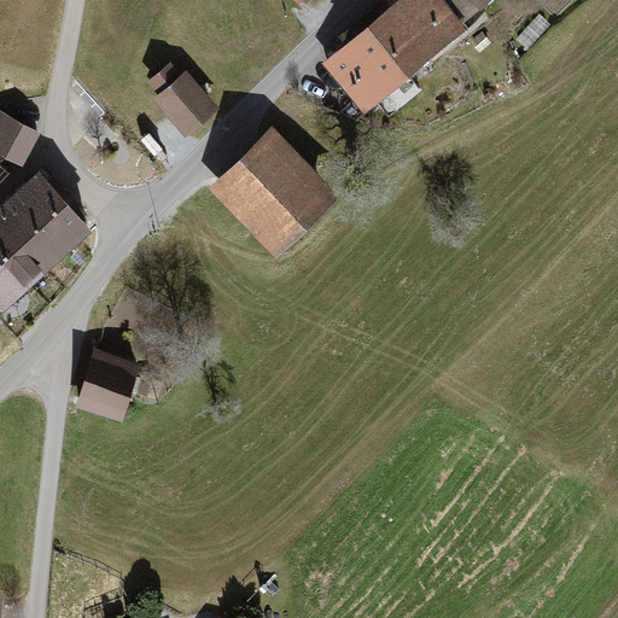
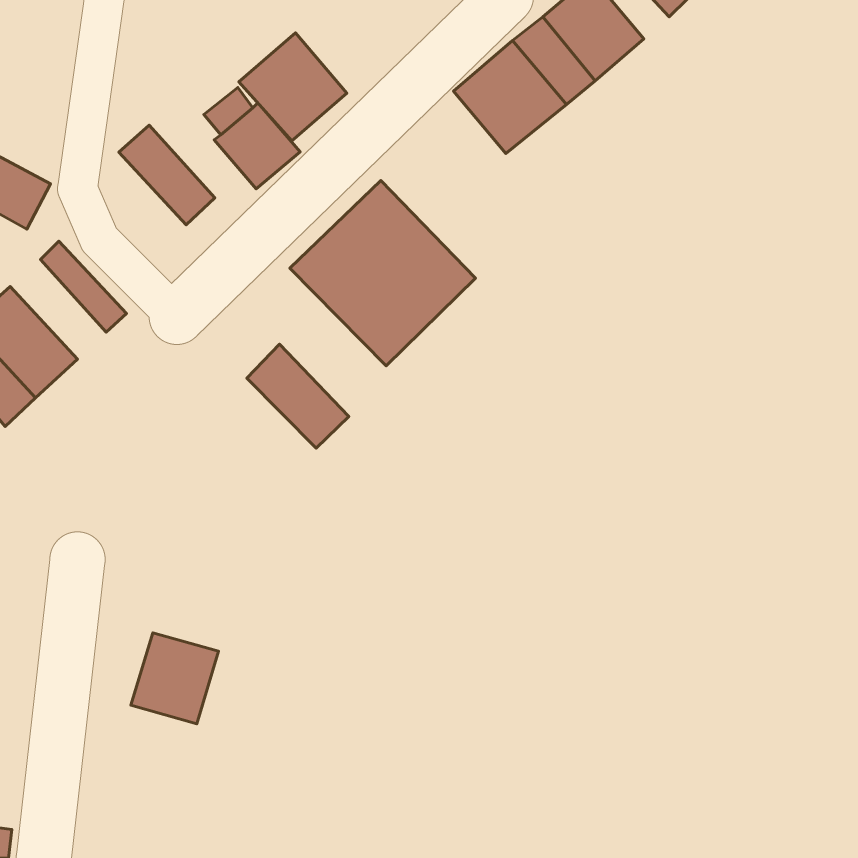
building: none -> [239,33,347,141]
building: [7,186,76,257] -> [119,125,215,225]
building: none -> [247,344,349,448]
building: [84,351,147,416] -> [131,633,219,724]

